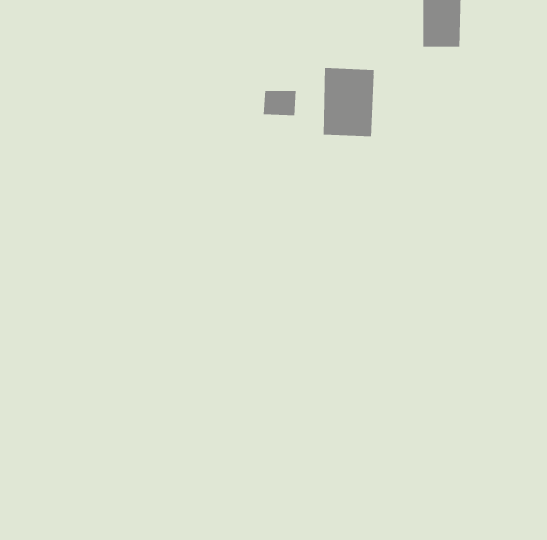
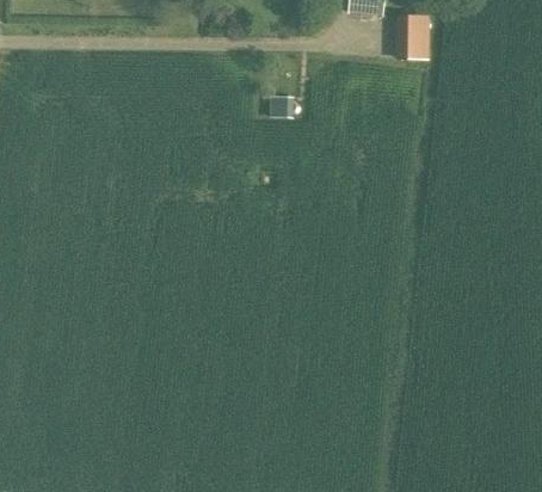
building: [323,67,374,137] -> none

